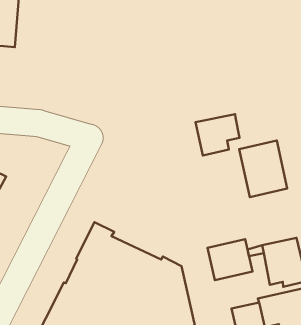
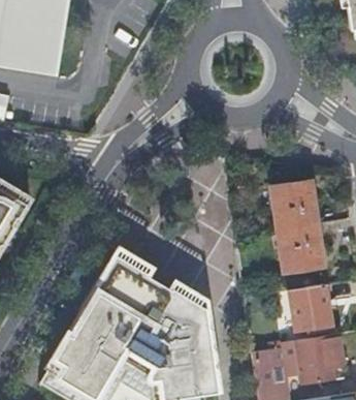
building: [196,114,240,155] -> none
building: [208,239,252,280] -> [281,230,325,271]

